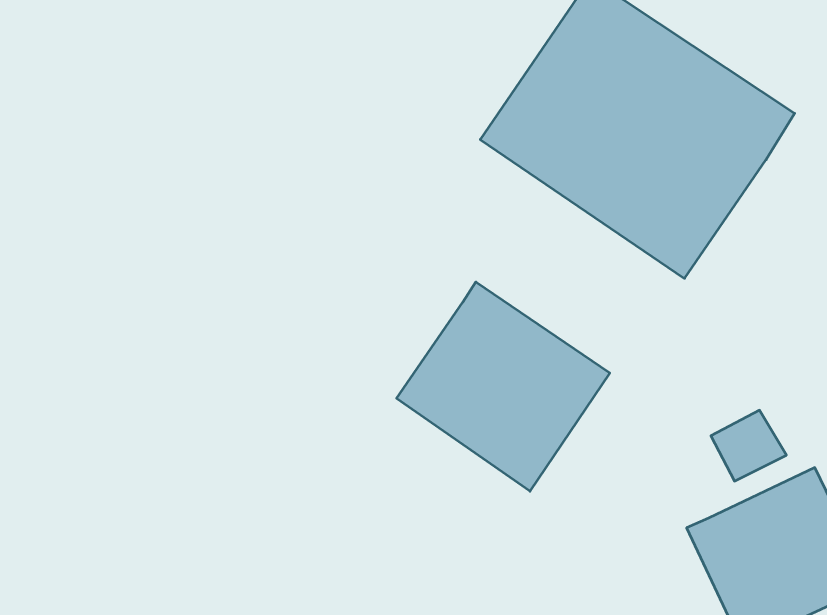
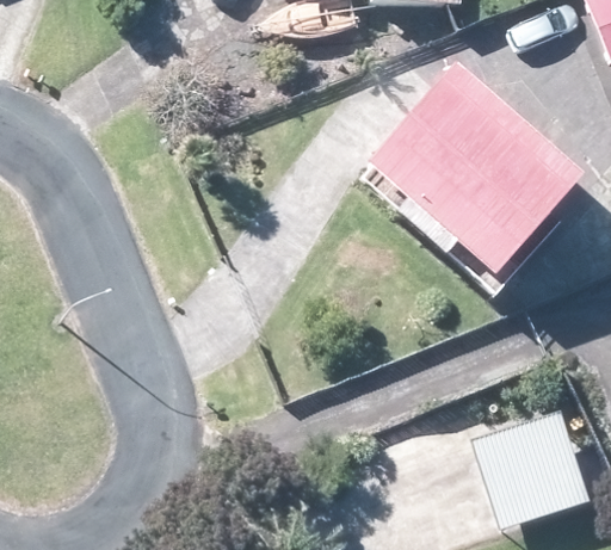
building: [397,282,610,491] -> none

